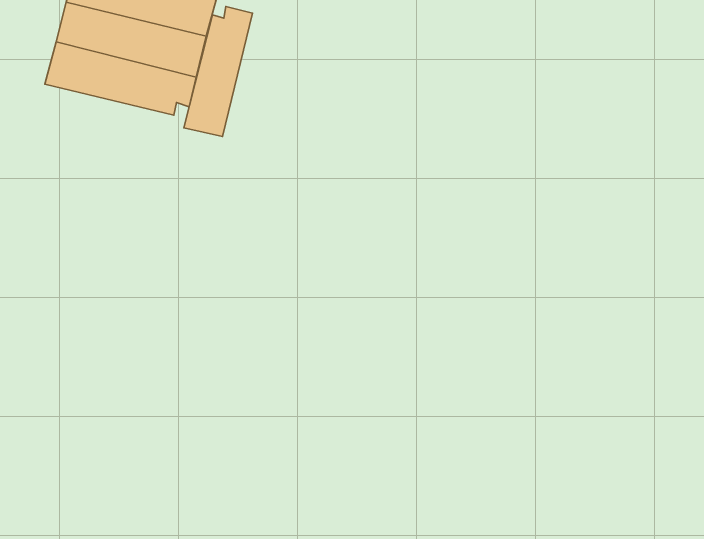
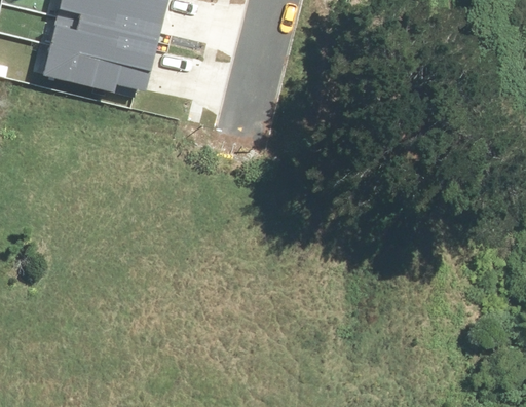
building: [184,6,252,137] -> none

